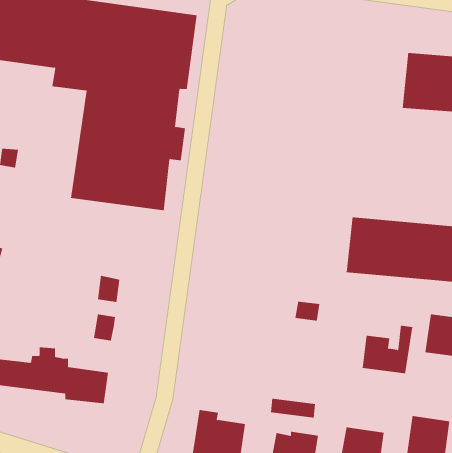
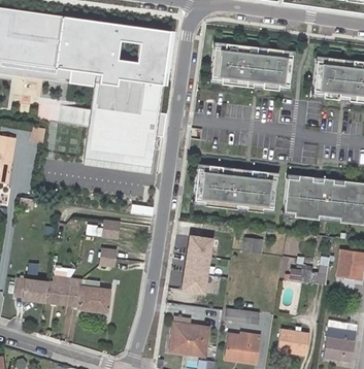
building: none -> [210,41,292,89]
building: none -> [192,168,273,215]
building: none -> [180,237,209,294]

